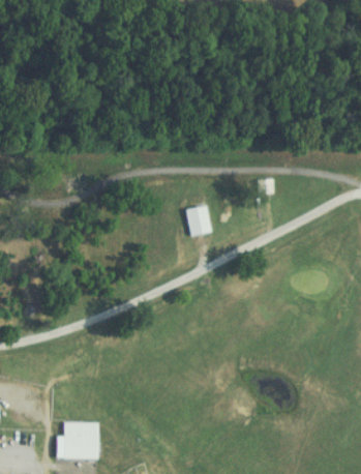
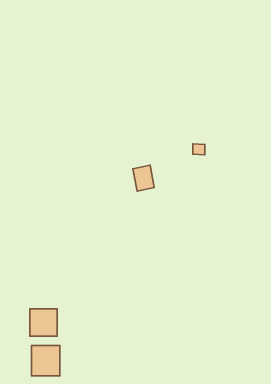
building: none -> [30,309,57,336]

